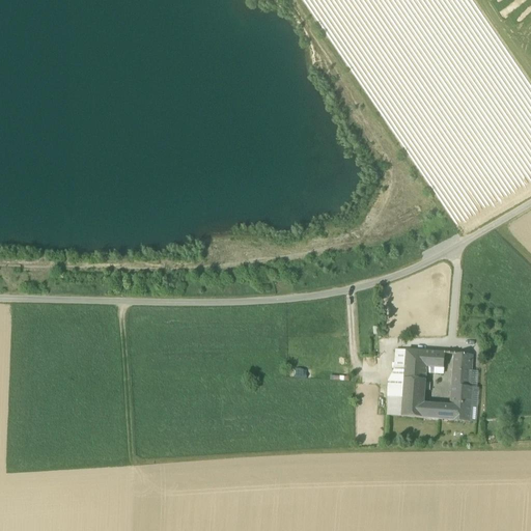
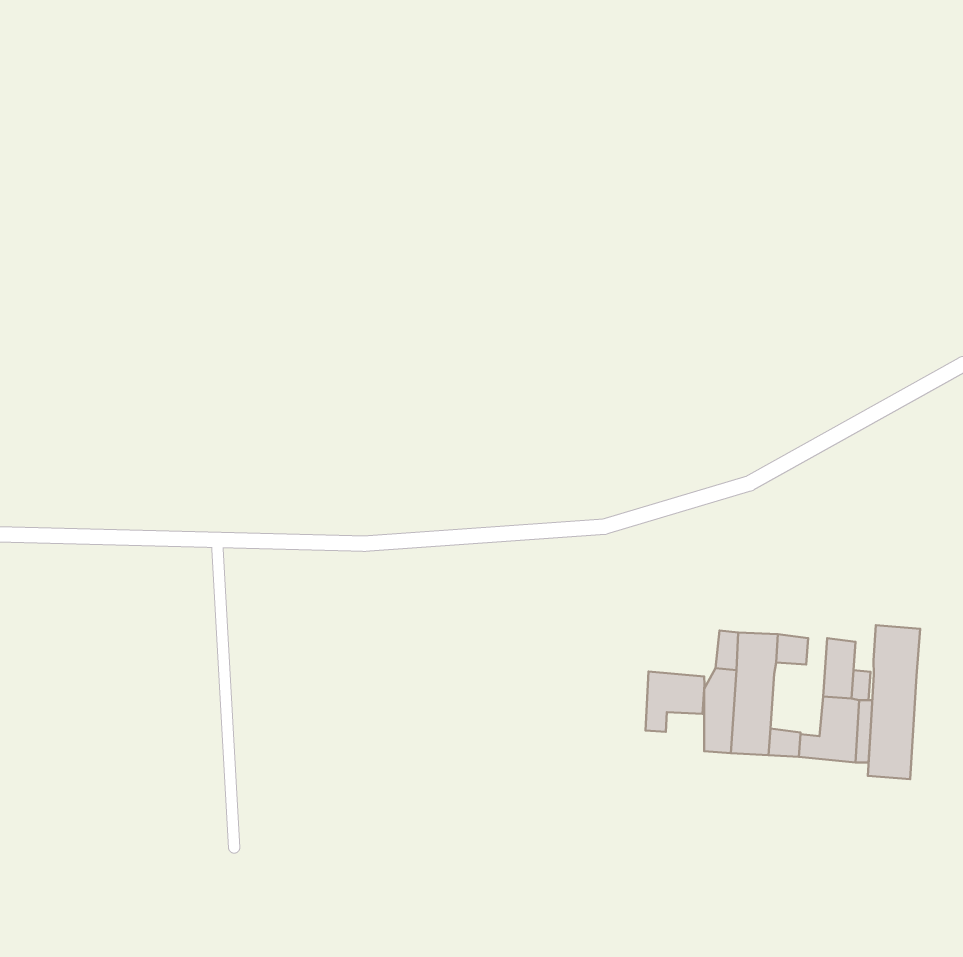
building: none -> [868,625,920,779]
building: none -> [646,671,705,732]

